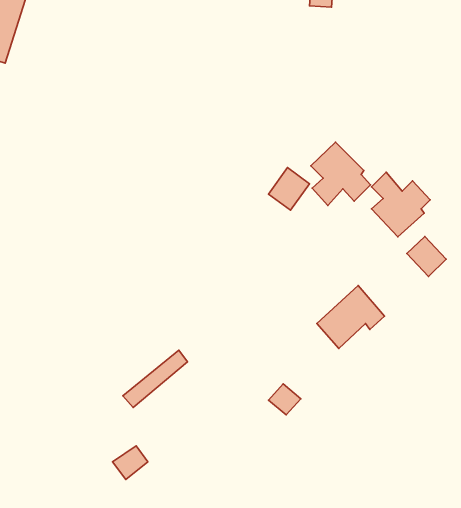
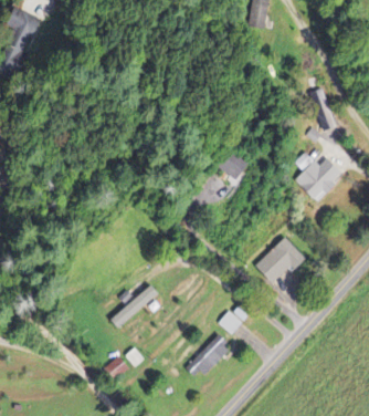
building: [311,142,371,205] -> none
building: [407,237,446,276] -> none
building: none -> [184,335,229,379]

